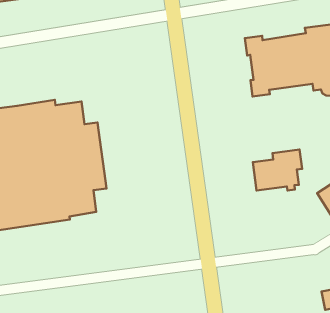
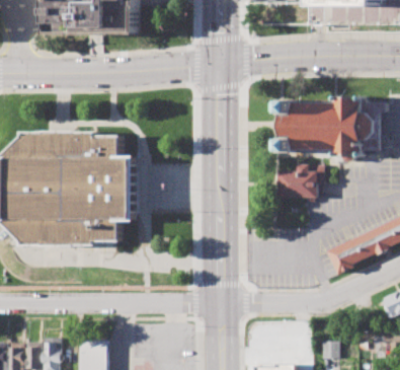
building: [253,149,302,191] -> [279,165,324,202]

